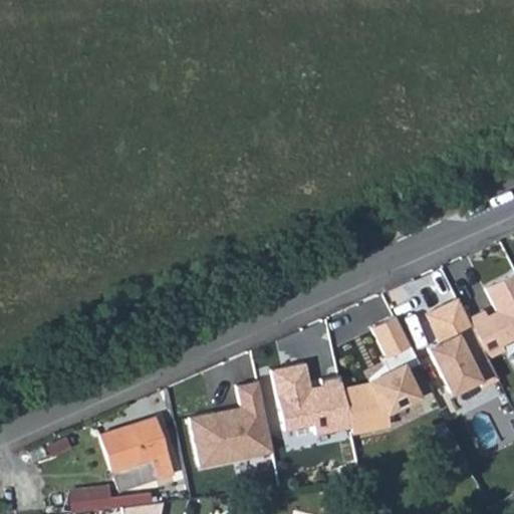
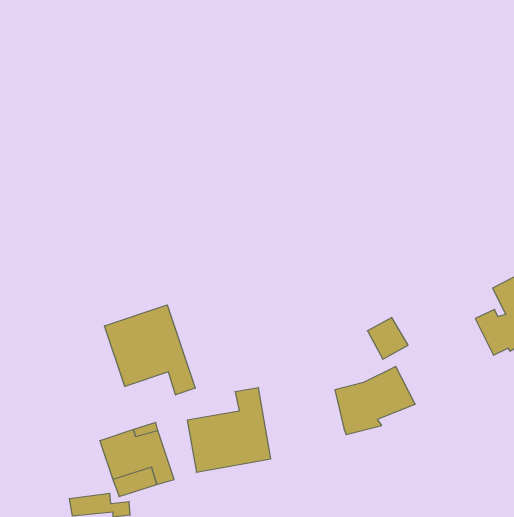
building: [426,298,492,392] -> none
building: none -> [104,305,195,395]
building: [265,358,345,435] -> none

